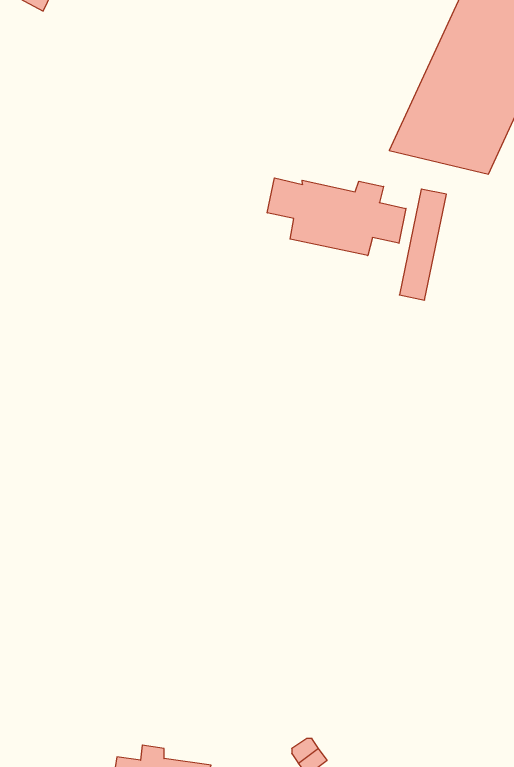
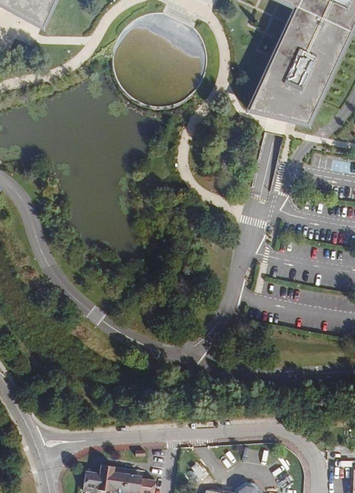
building: [267,178,406,256] -> none

